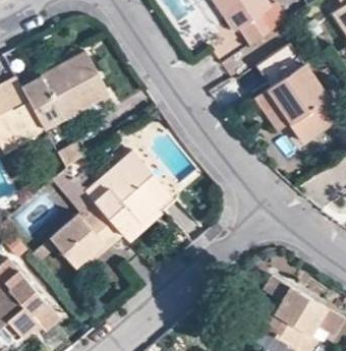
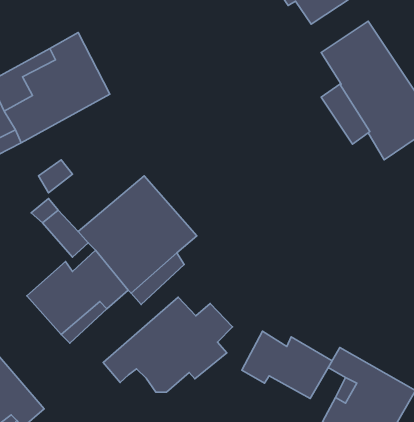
building: none -> [103,297,233,392]
building: none -> [242,331,332,399]

